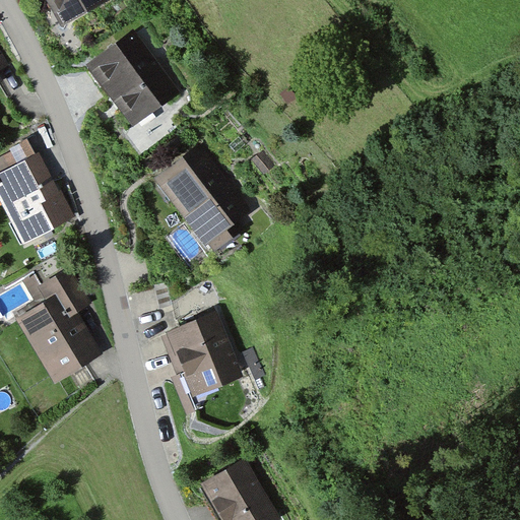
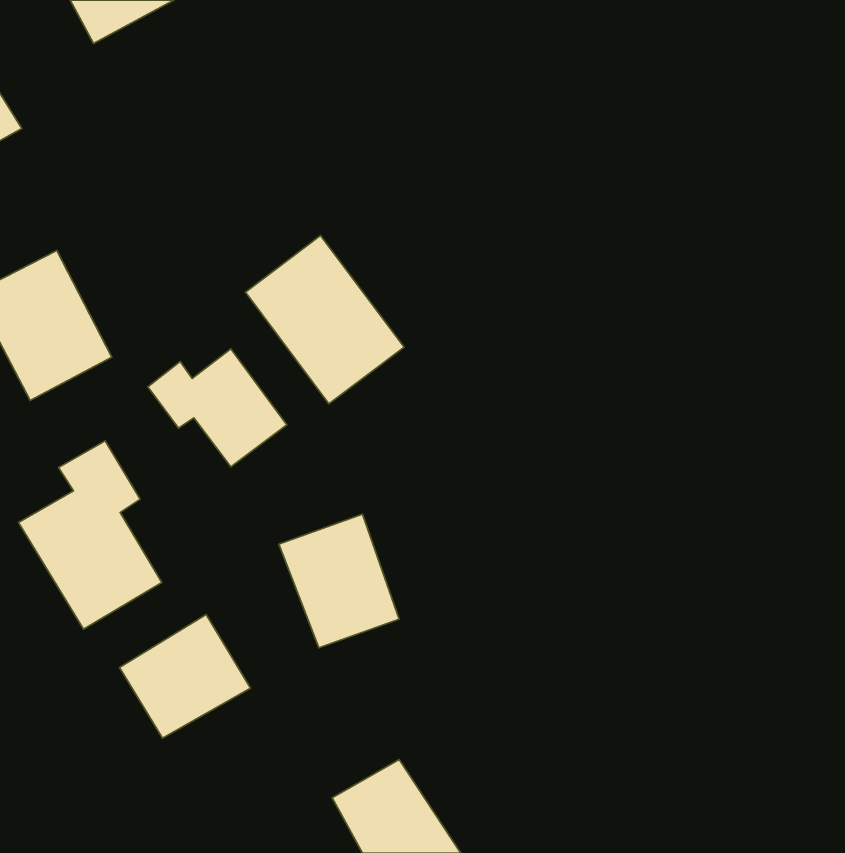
building: [89,35,175,125] -> none
building: none -> [148,349,287,467]
building: none -> [120,614,251,738]

